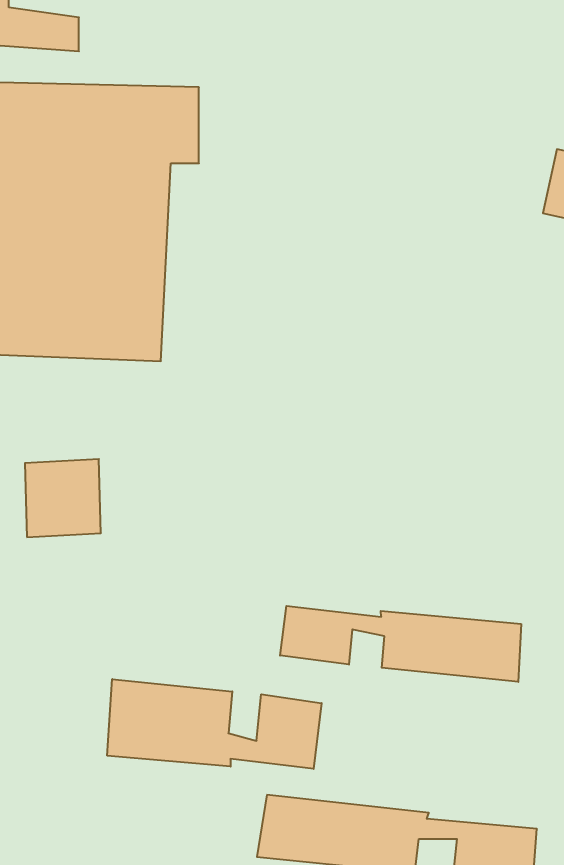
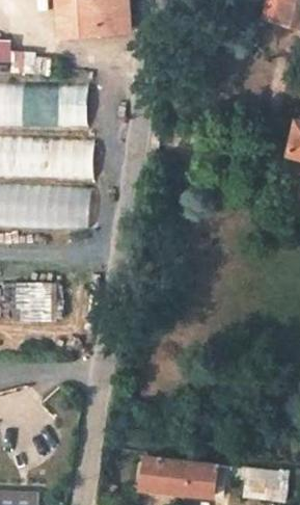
building: [280,606,521,682] -> none
building: [107,679,322,769] -> none

